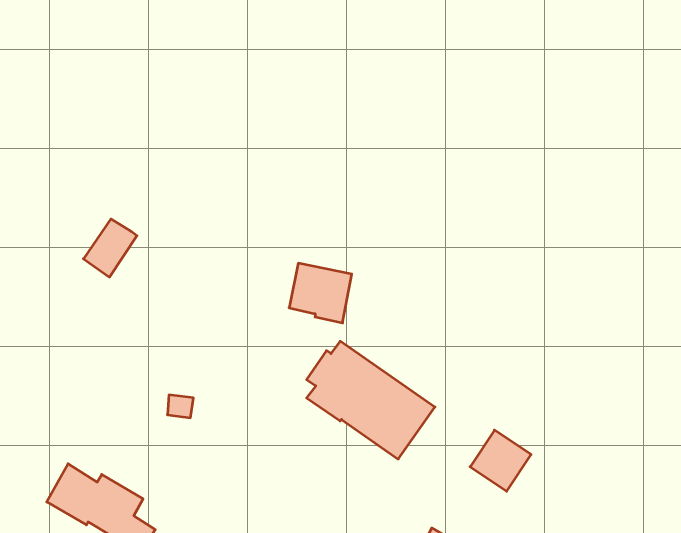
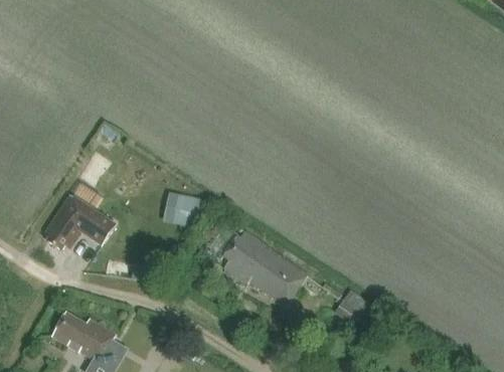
building: [289,263,352,323] -> [164,192,205,231]
building: none -> [44,194,115,251]

